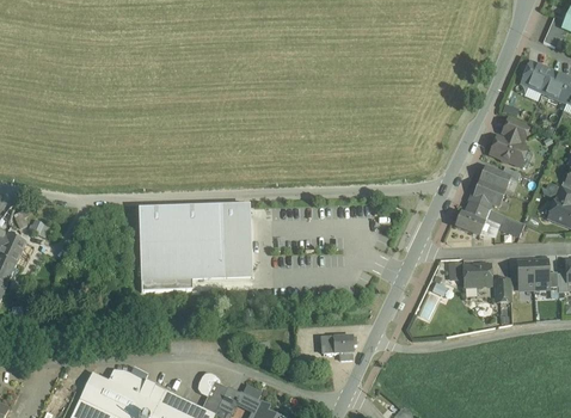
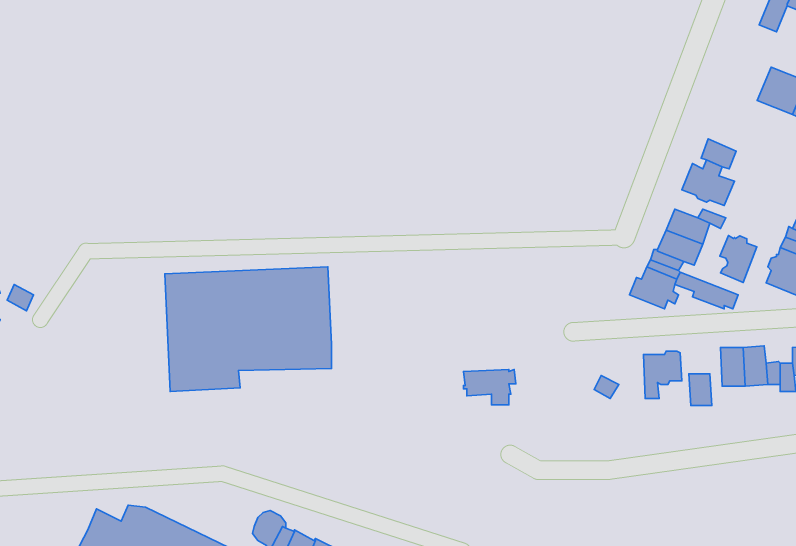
building: [520,61,551,93] -> none
building: none -> [720,236,757,283]
building: [320,336,356,359] -> [463,370,516,405]

